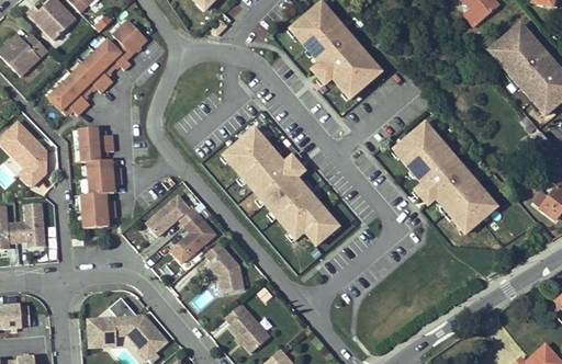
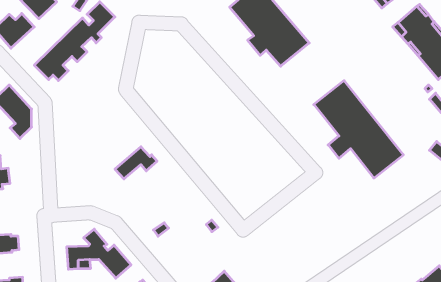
building: [221,123,342,260] -> none
building: [78,127,120,229] -> none
building: [15,205,44,248] -> none
building: [179,215,215,257] -> none
building: [204,243,243,294] -> none
building: [224,305,269,353] -> none

